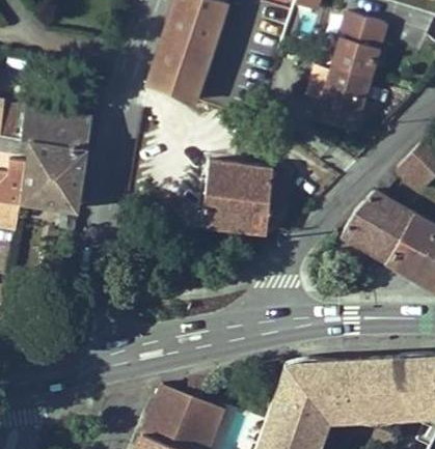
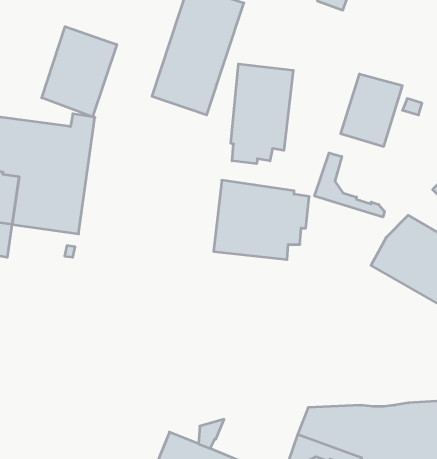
building: [331,13,385,78] -> none
building: none -> [42,27,117,117]
building: none -> [231,64,293,164]
building: none -> [315,153,385,217]

